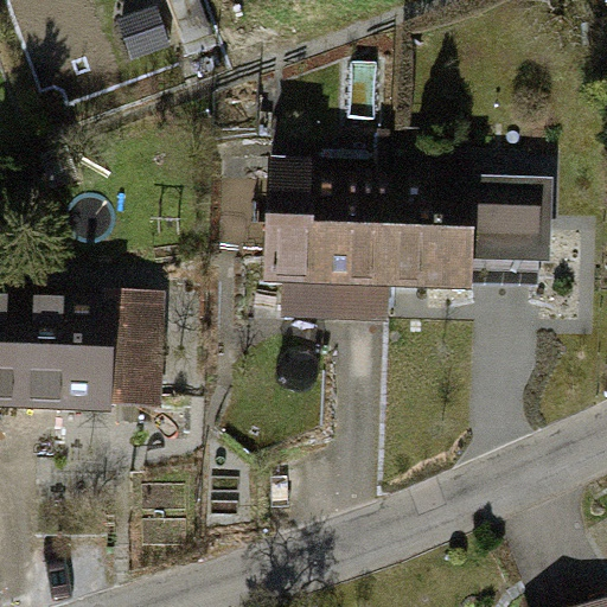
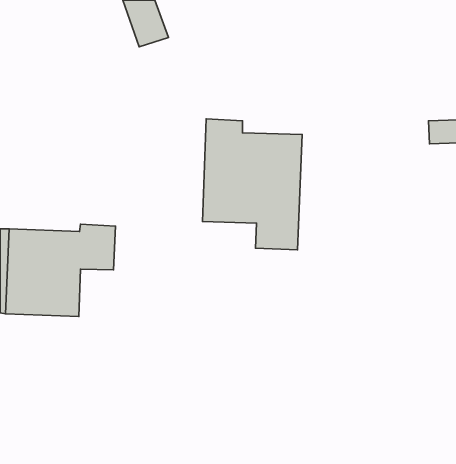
building: [402,179,524,299] -> none

